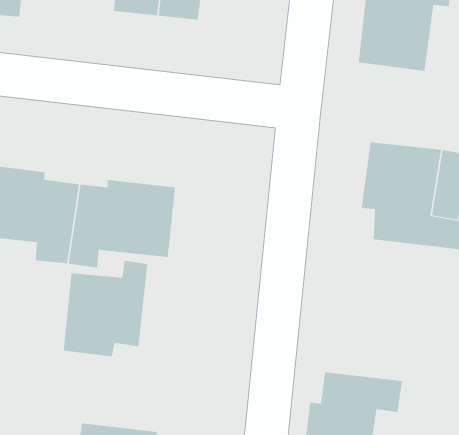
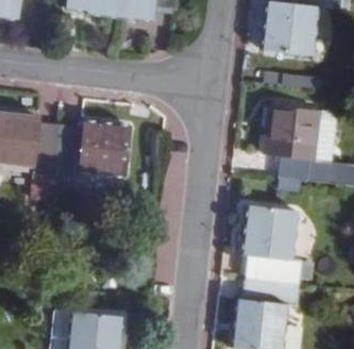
building: [63,260,148,357] -> none
building: none -> [238,205,313,284]

